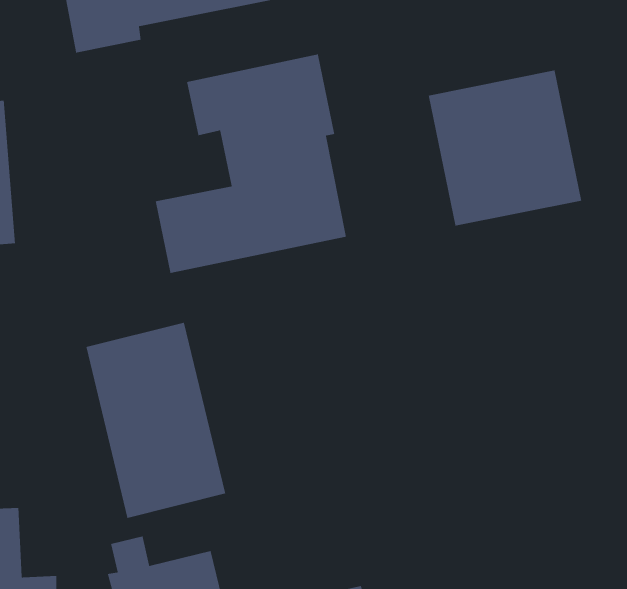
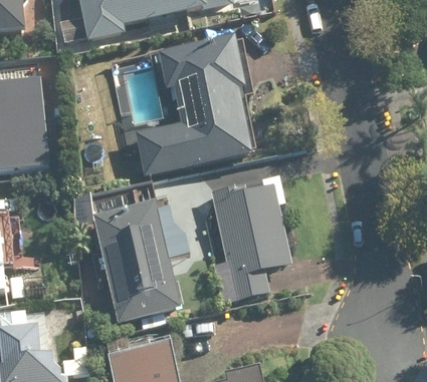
building: [428,69,582,227] -> none
building: none -> [213,173,294,300]

